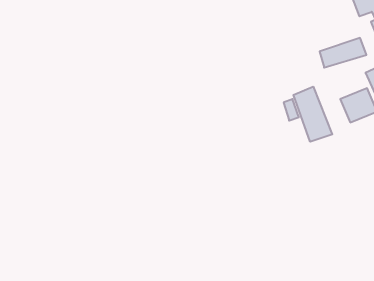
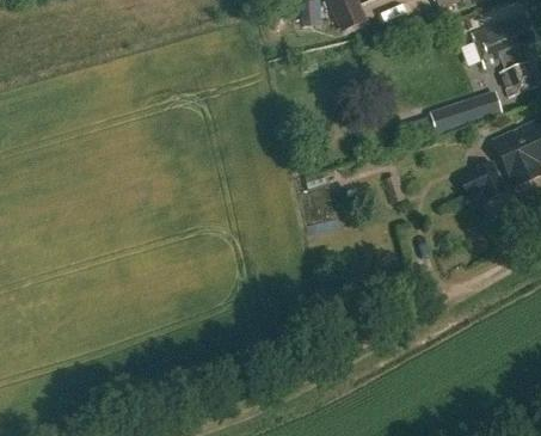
building: [293,87,332,142] -> none

